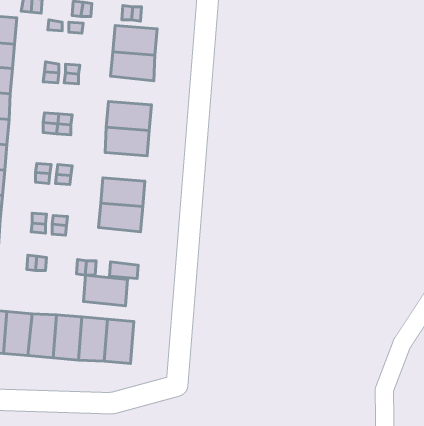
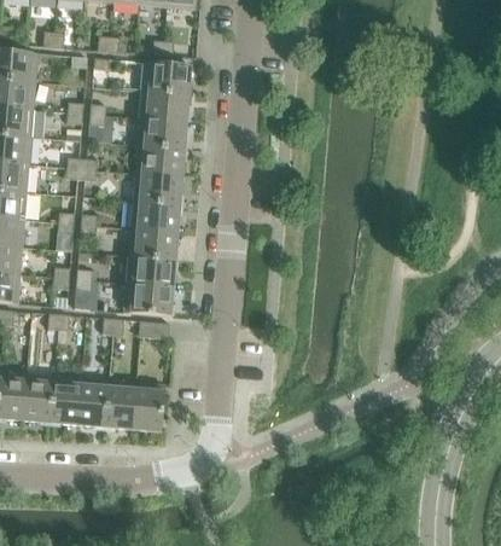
building: none -> [138,118,187,150]
building: none -> [132,202,180,233]
building: [83,275,128,306] -> [124,284,173,318]

